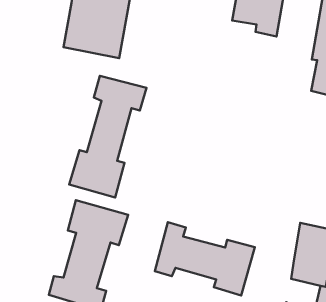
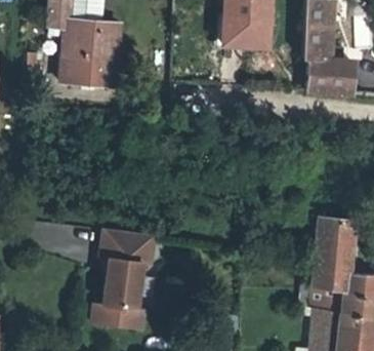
building: [69,76,147,198] -> none
building: [155,222,255,296] -> none

